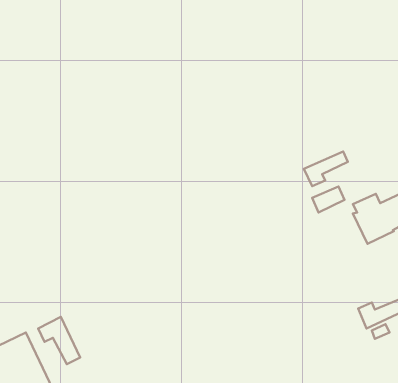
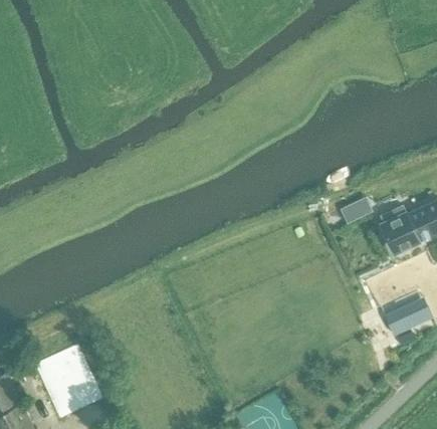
building: [304,152,348,186] -> none
building: [38,317,80,364] -> none

